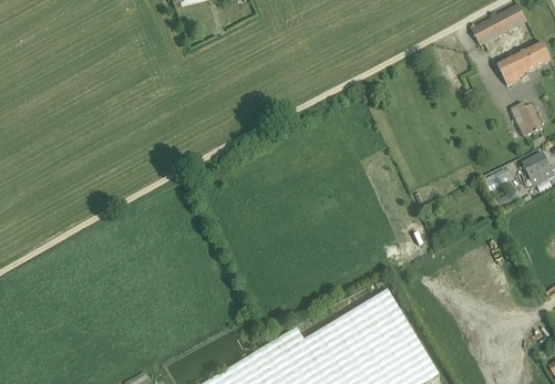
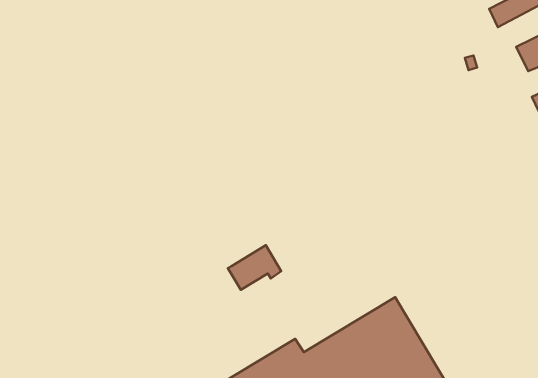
building: none -> [228,245,281,290]

